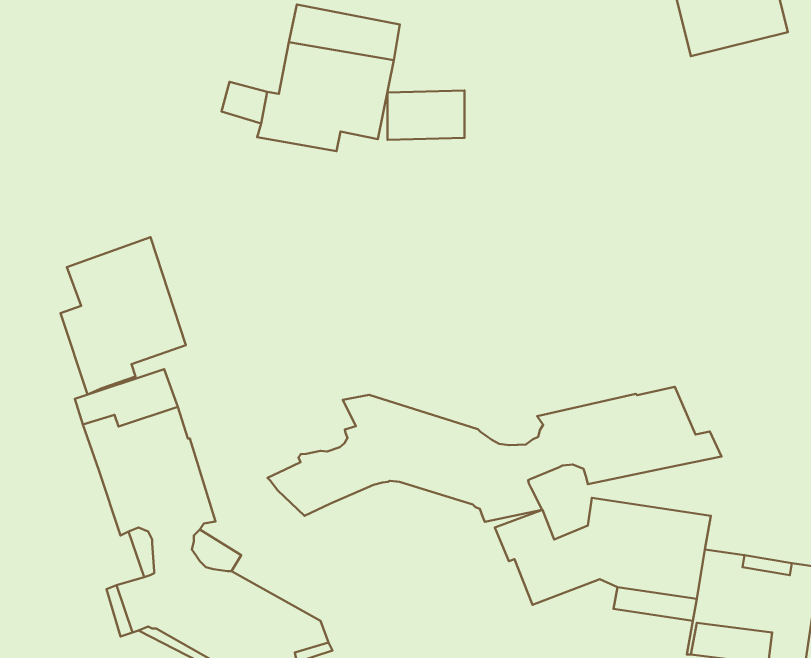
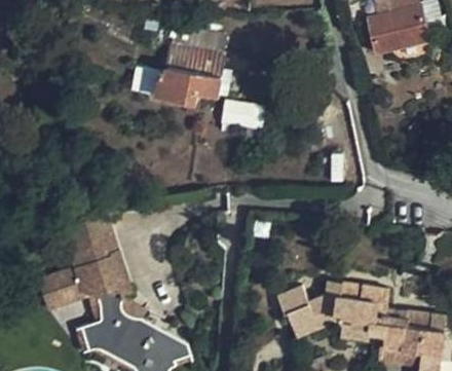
building: [387,90,465,140] -> [221,104,261,129]
building: [60,237,186,395] -> none
building: [268,387,722,522] -> none
building: none -> [38,267,83,311]

